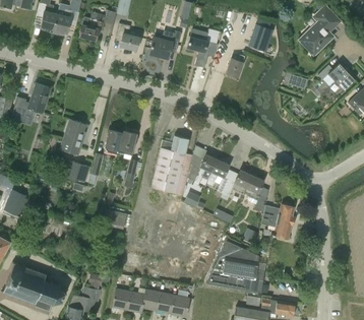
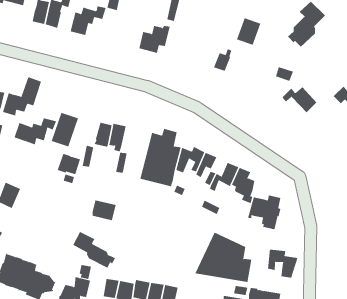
building: [116,22,140,50] -> none
building: [187,28,220,67] -> none
building: [318,63,355,90] -> [281,86,317,113]
building: none -> [14,117,57,145]
building: none -> [72,231,116,269]
building: none -> [268,249,298,279]

